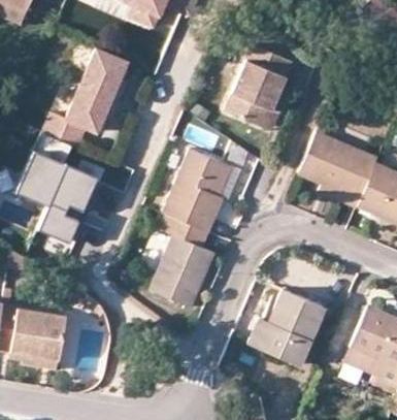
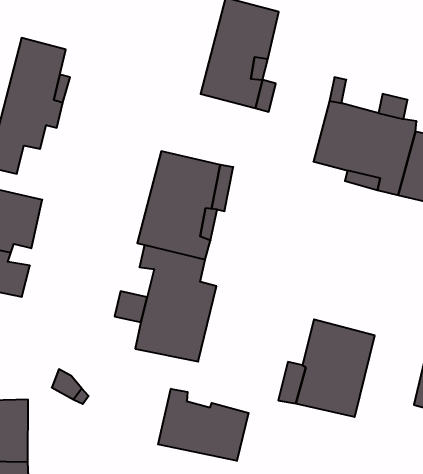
building: none -> [158,389,249,461]

